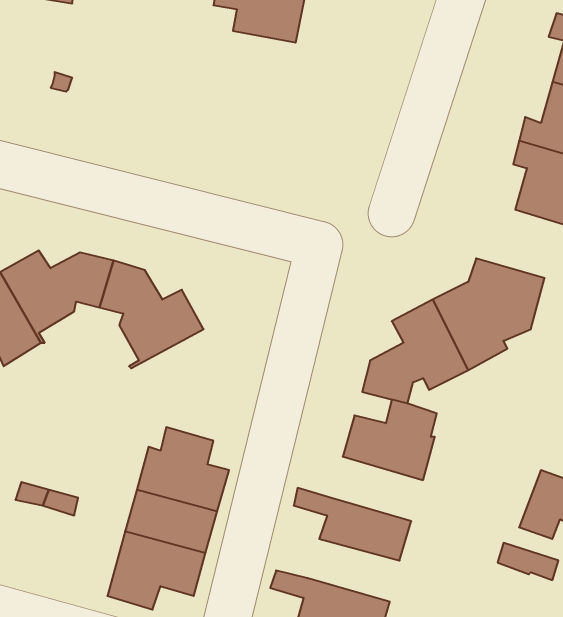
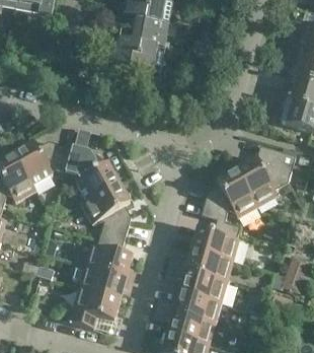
building: none -> [113,25,166,70]
building: none -> [81,182,130,239]
building: none -> [167,248,232,281]
building: none -> [156,290,220,323]

